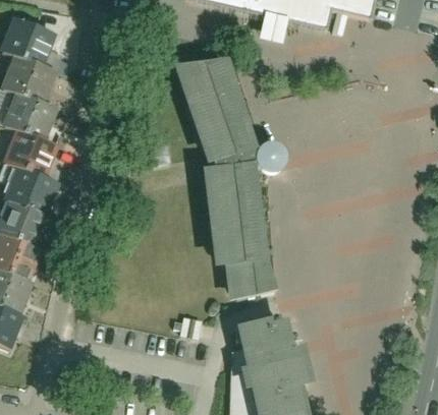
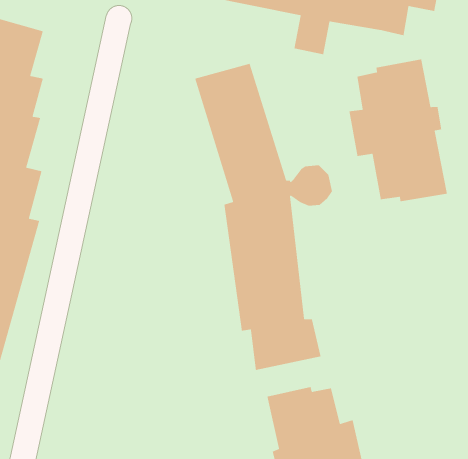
building: none -> [348,59,448,202]

